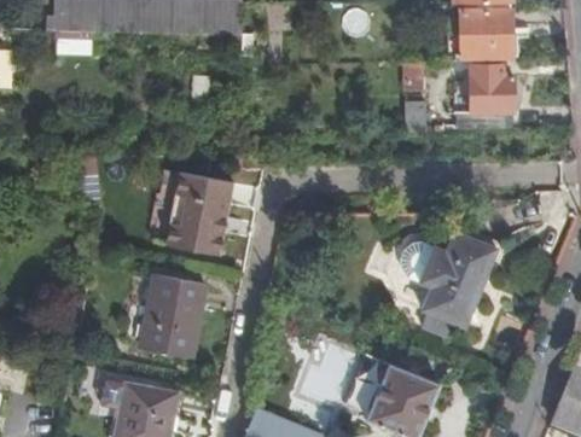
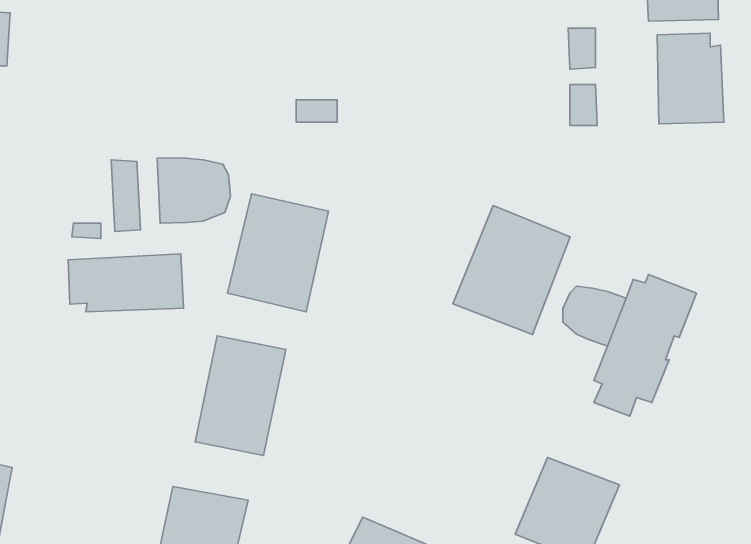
building: none -> [157,158,230,223]
building: none -> [453,206,570,335]
building: none -> [68,254,183,312]

